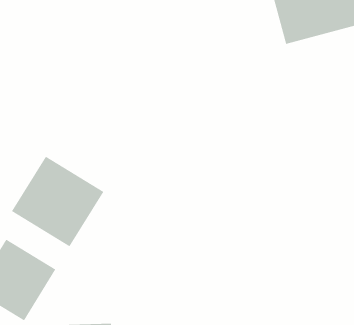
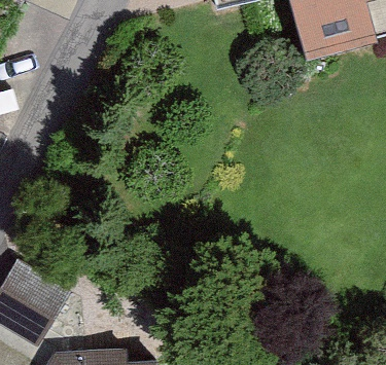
building: [11,156,104,247] -> none

